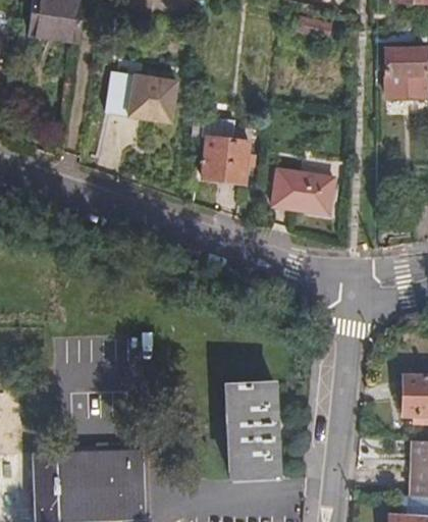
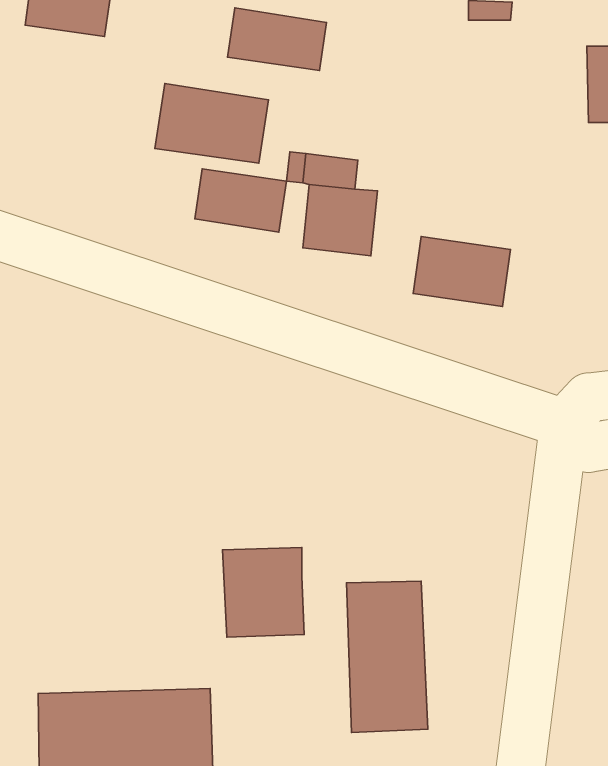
building: none -> [228,8,327,70]
building: none -> [195,169,286,232]
building: none -> [223,547,304,637]

